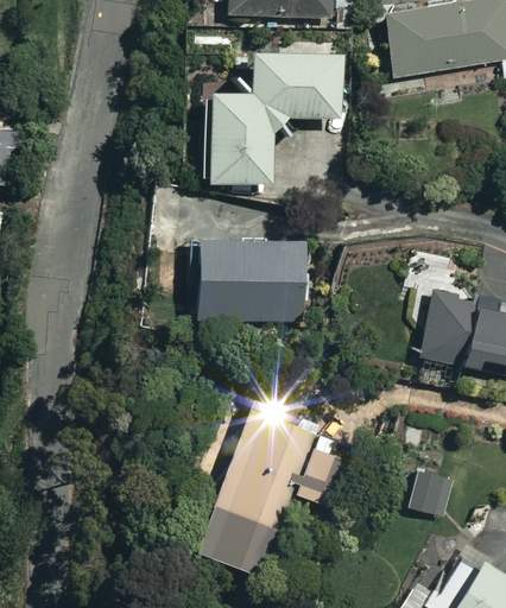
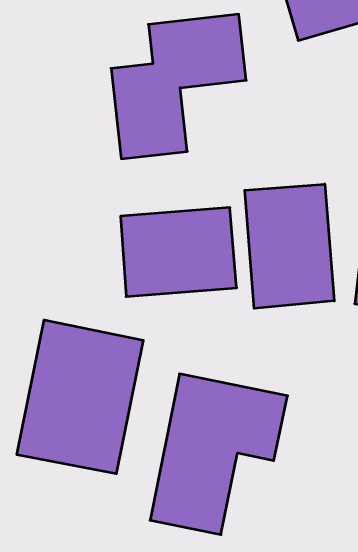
building: none -> [245,184,334,308]
building: none -> [17,320,143,474]

